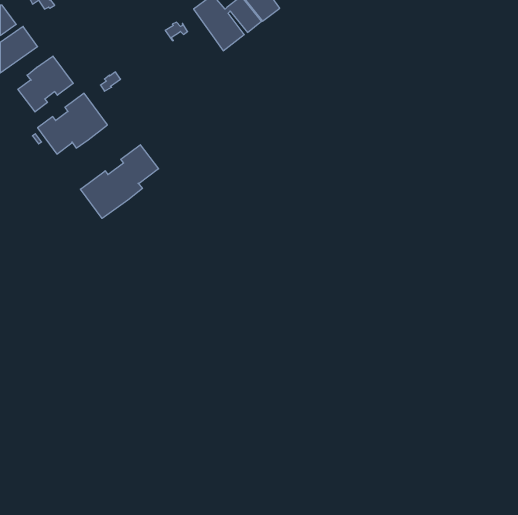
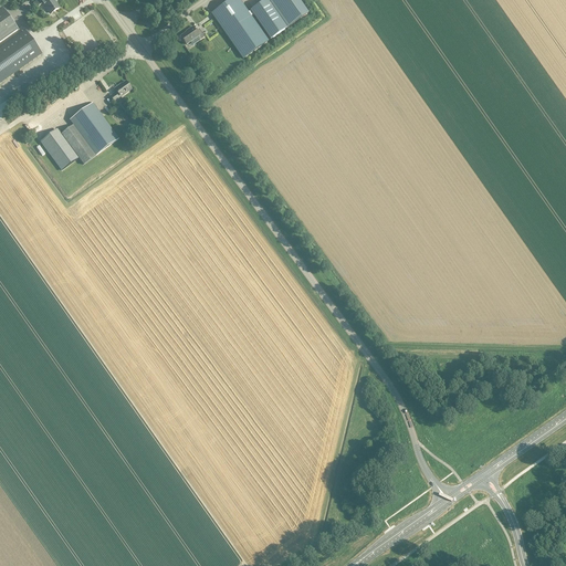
building: [18,56,73,112] -> none
building: [80,145,159,218] -> none

